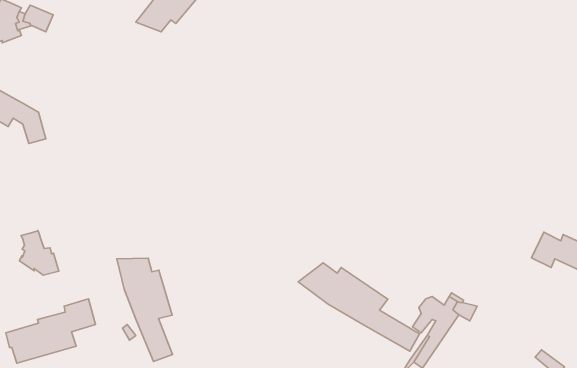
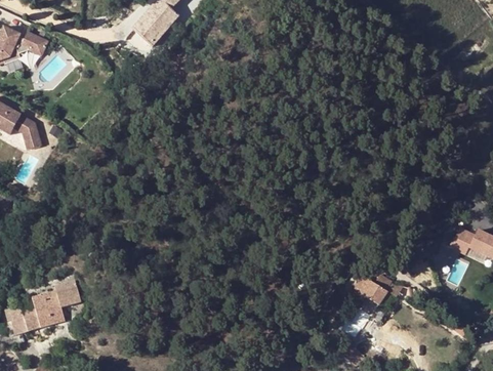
building: [19,230,59,275] -> none
building: [117,258,173,362] -> none
building: [298,263,420,351] -> none

